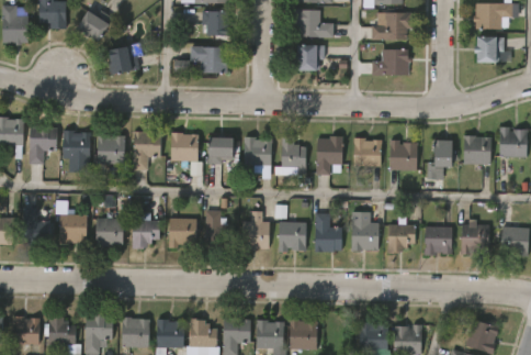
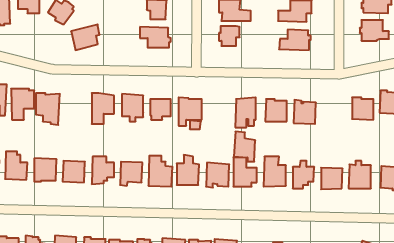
building: [97,134,124,164] -> none
building: [279,136,306,175] -> [234,132,255,162]
building: [423,141,452,180] -> none

